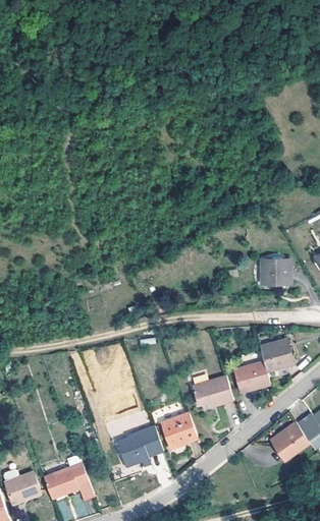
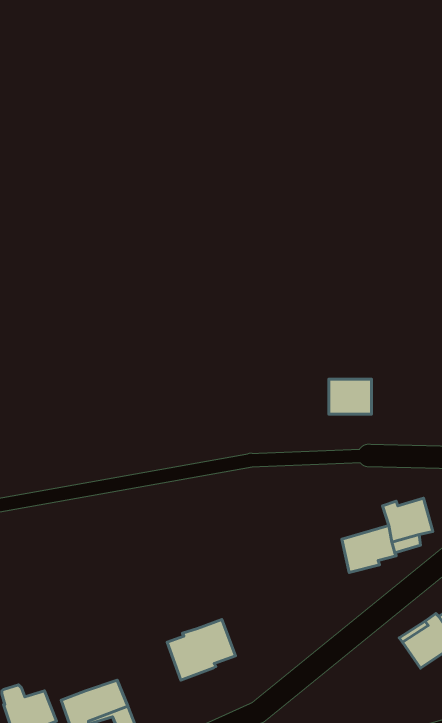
building: [261,259,289,283] -> [329,379,371,414]
building: [191,375,232,404] -> none
building: [160,412,196,448] -> none

